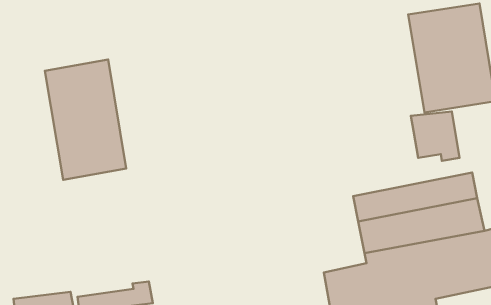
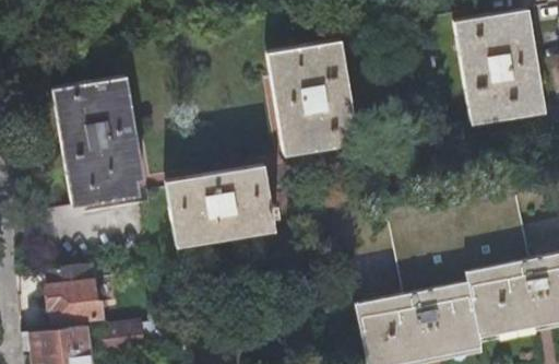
building: none -> [271,43,357,156]
building: [411,111,460,161] -> none
building: none -> [170,165,274,243]
building: none -> [47,281,102,324]

